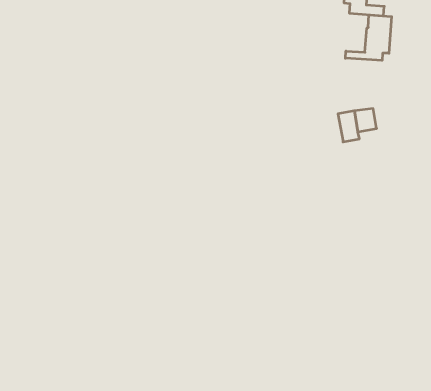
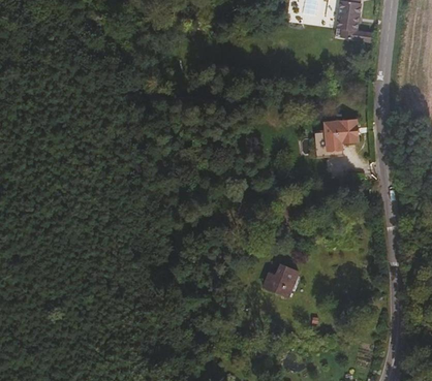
building: [345,15,392,60] -> none
building: none -> [264,263,299,296]

